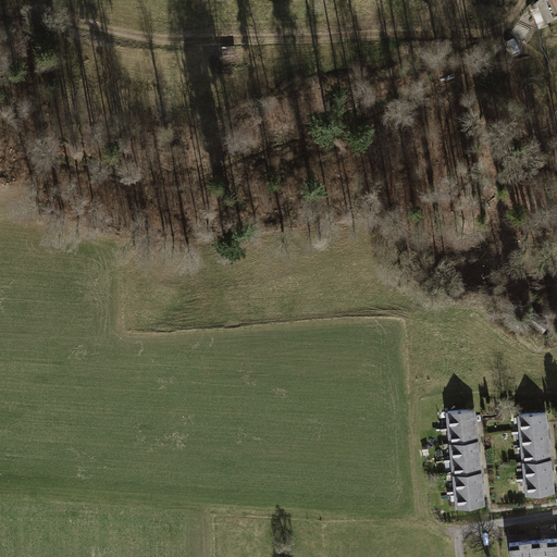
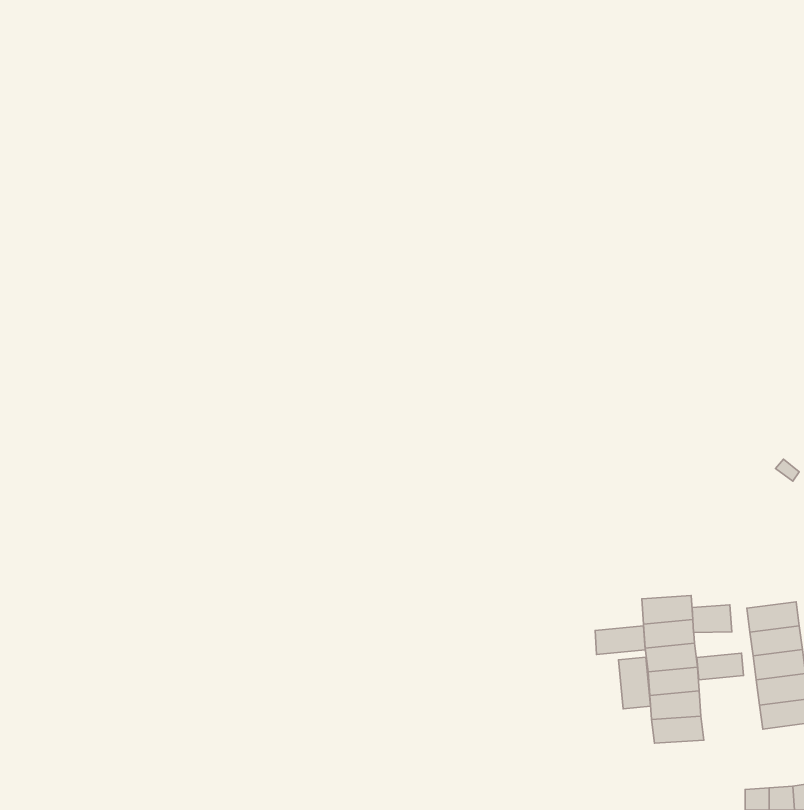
building: none -> [692,605,732,632]
building: none -> [595,626,645,655]
building: none -> [697,653,744,680]
building: none -> [618,657,651,709]

